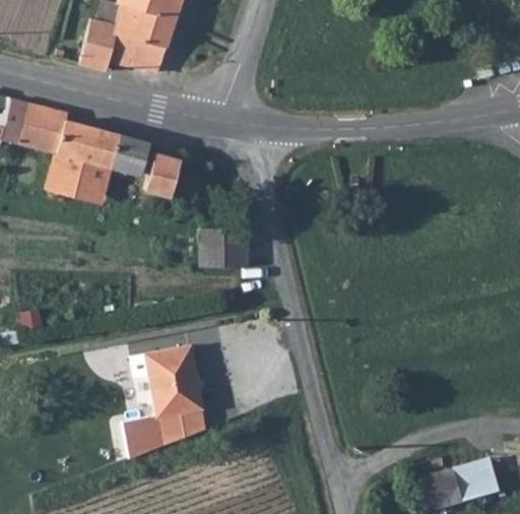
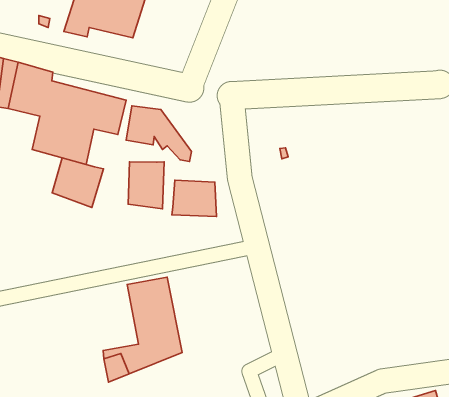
building: none -> [52,158,103,208]
building: none -> [128,162,164,209]

